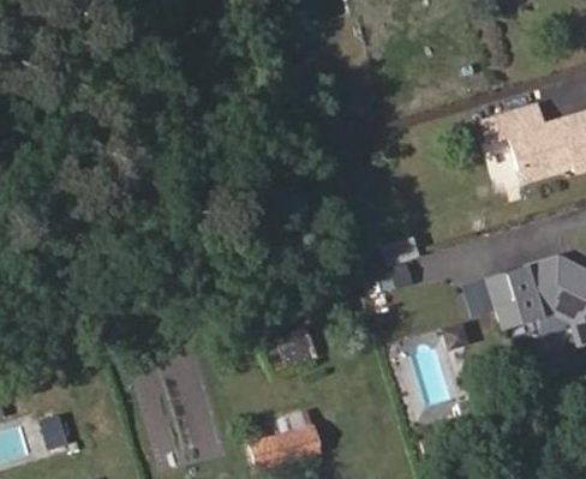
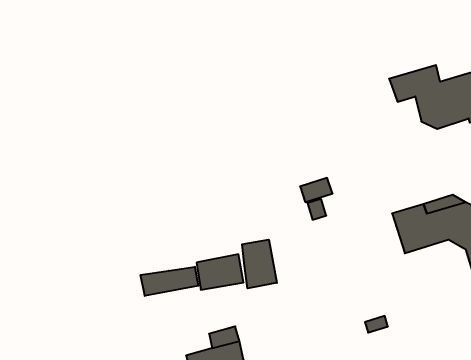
building: none -> [242,240,277,288]
building: none -> [141,267,198,296]

